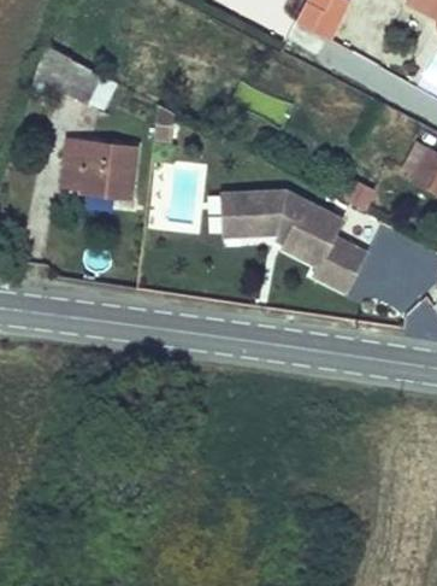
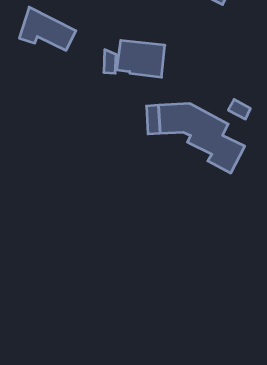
building: [64,141,135,195] -> [116,40,165,77]

